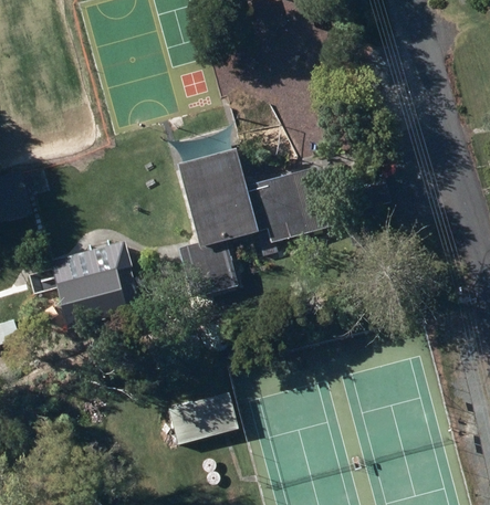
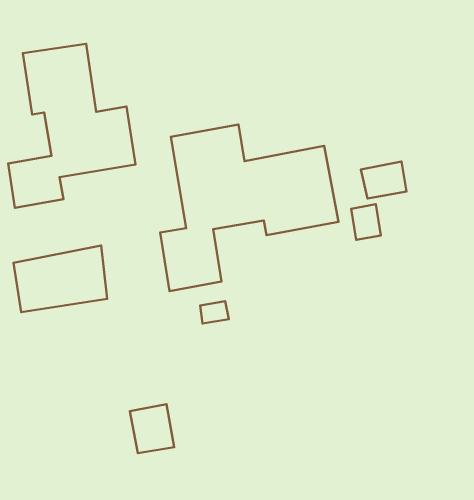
building: none -> [8,44,135,208]

